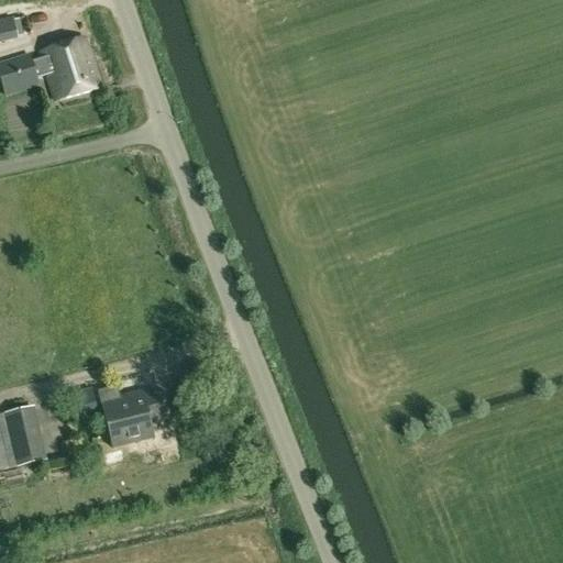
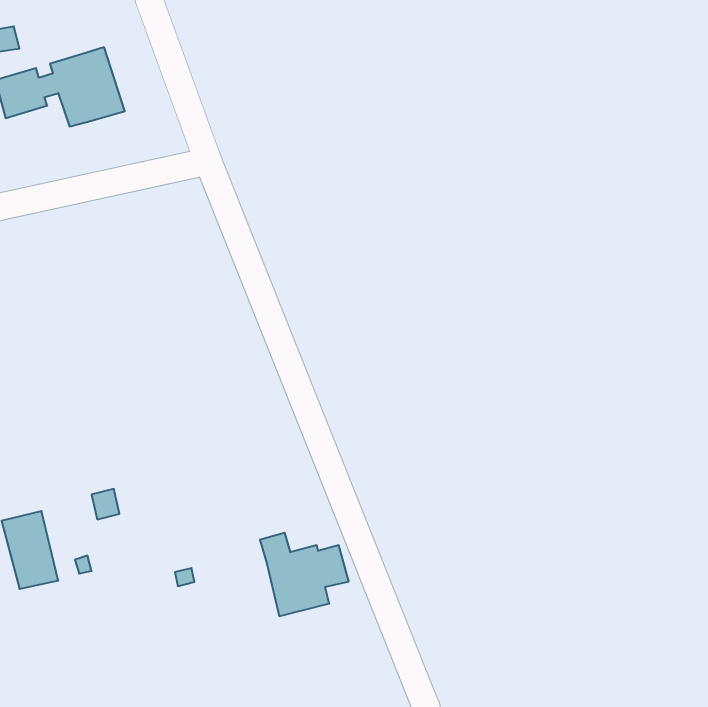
building: [96,380,166,446] -> [260,533,349,616]

